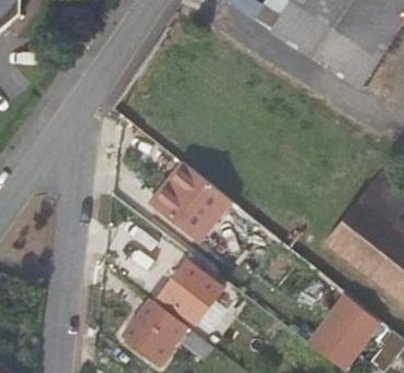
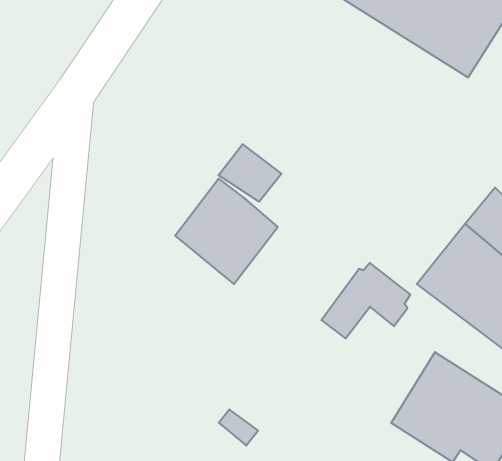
building: none -> [218,144,281,202]
building: [159,257,223,312] -> [321,263,410,338]
building: [123,301,183,363] -> none

